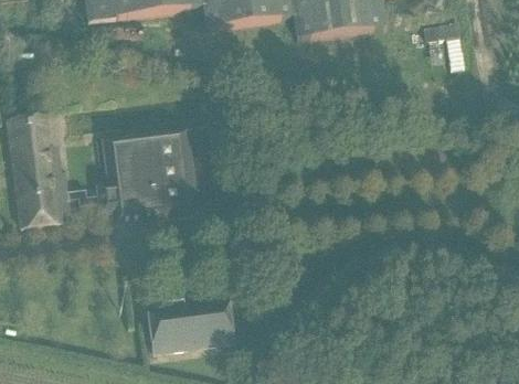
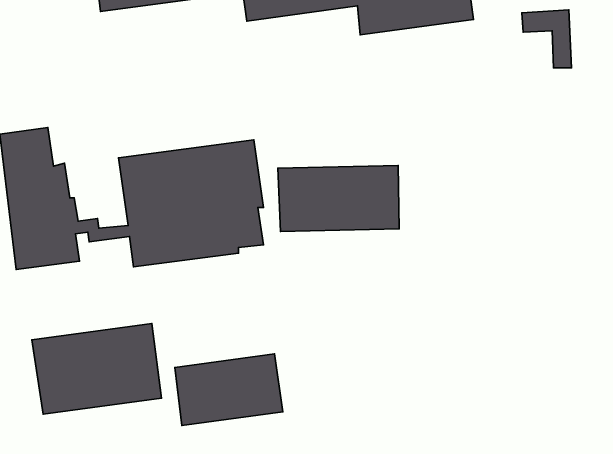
building: none -> [278,165,399,231]
building: none -> [32,324,162,414]

